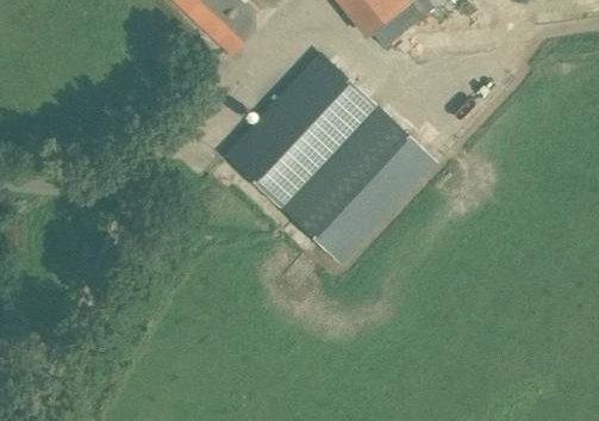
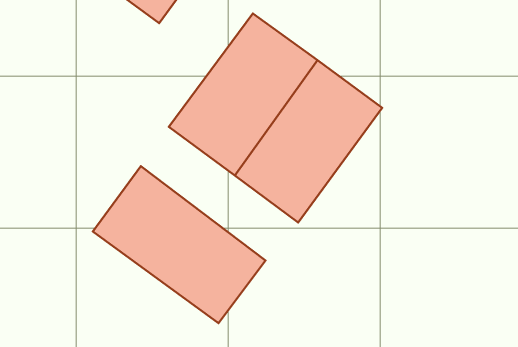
building: none -> [93,166,266,323]

